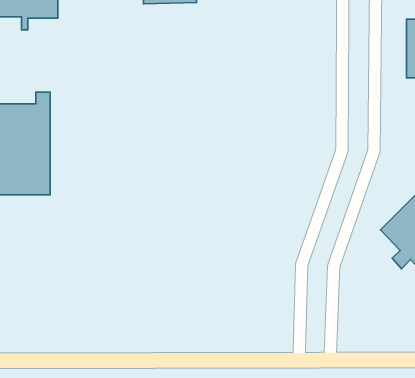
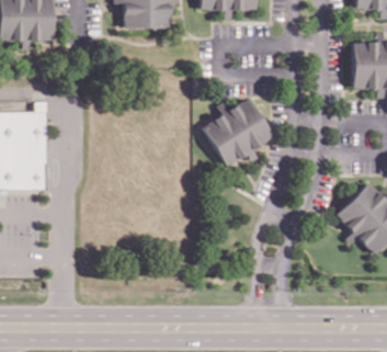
building: none -> [202,98,275,167]

